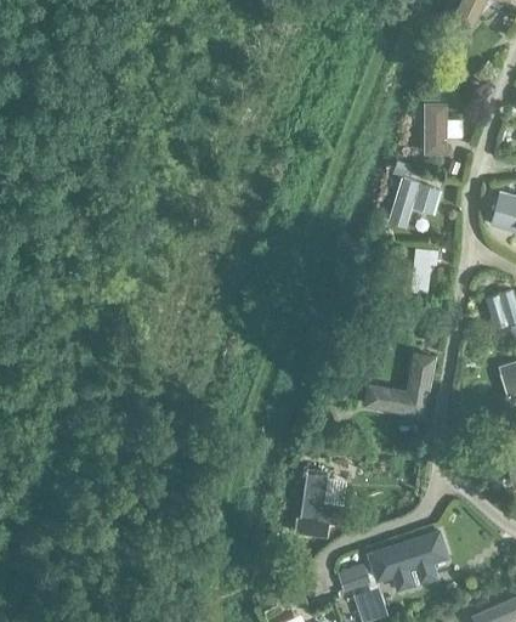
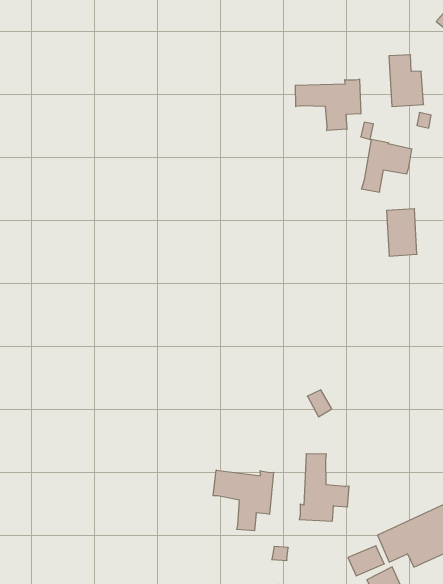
building: none -> [295,79,361,131]
building: [365,354,435,415] -> none
building: none -> [213,470,274,531]

